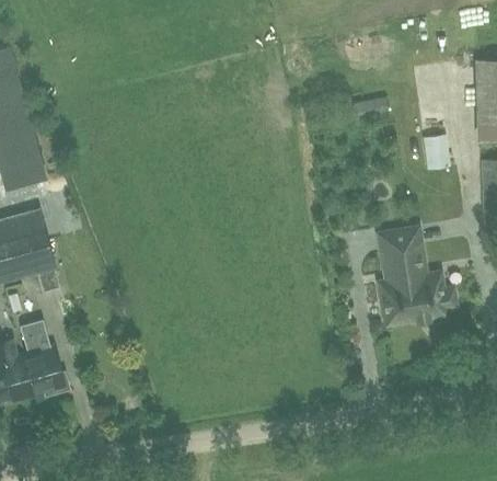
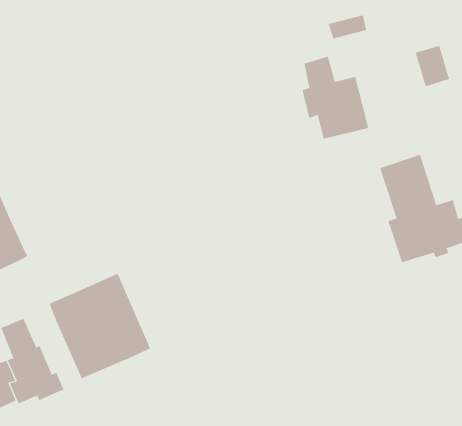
building: none -> [302,56,369,139]
building: none -> [48,273,151,379]

